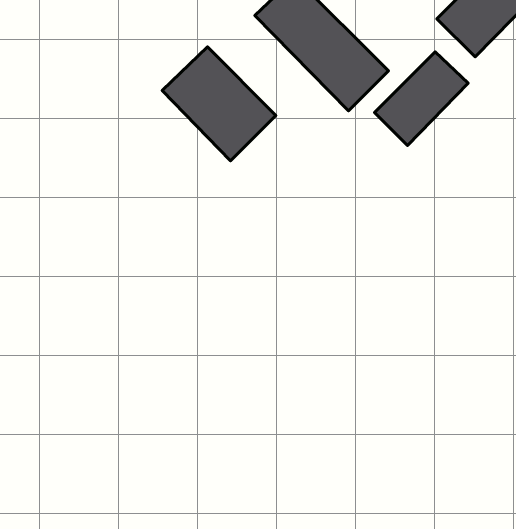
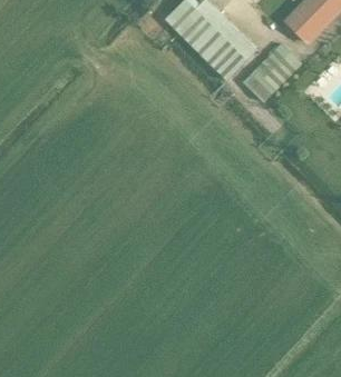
building: [162,47,276,161] -> none

